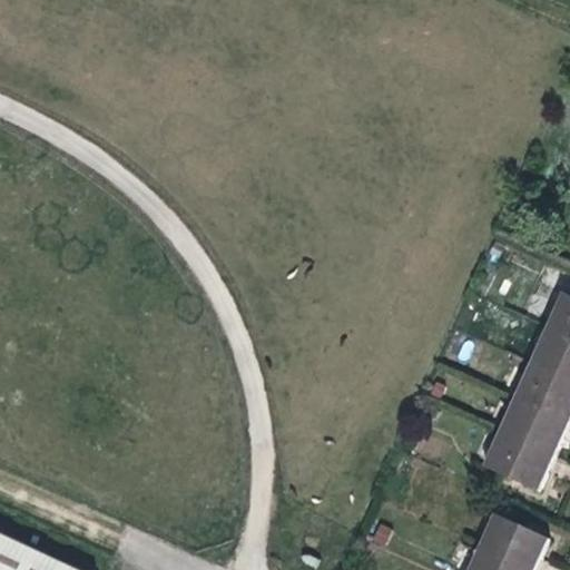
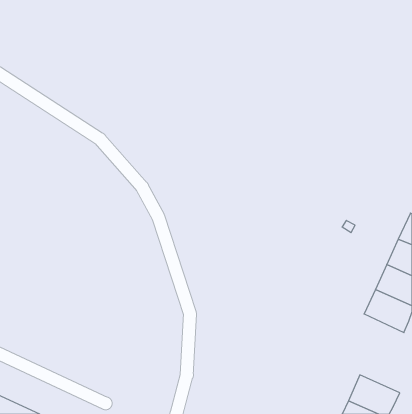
building: [483,430,553,491] -> none

